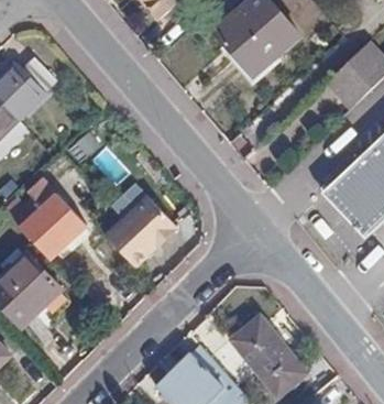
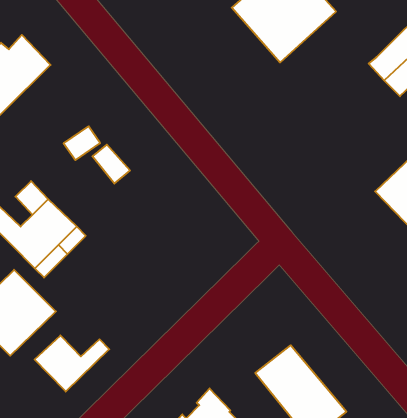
building: [105,194,174,266] -> none
building: none -> [35,335,109,392]

